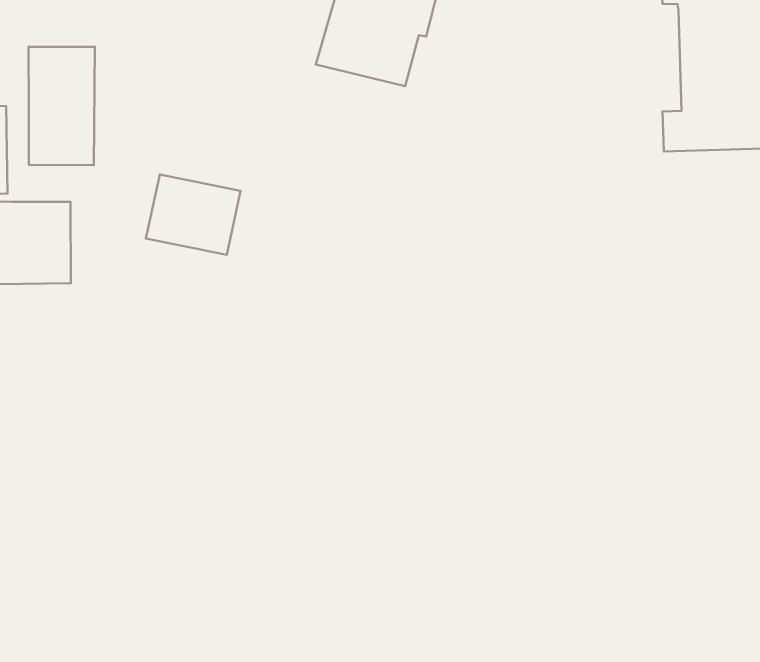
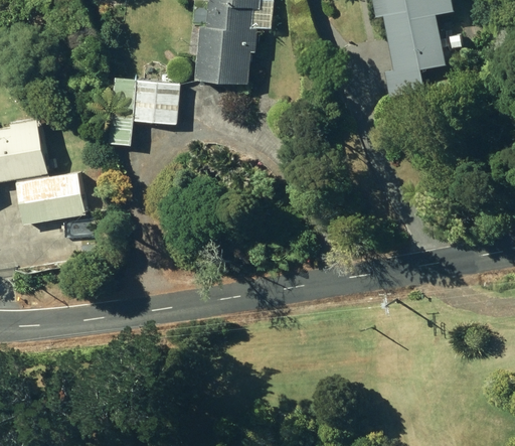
building: [28,47,95,165] -> none
building: [146,174,241,255] -> [132,84,178,121]

